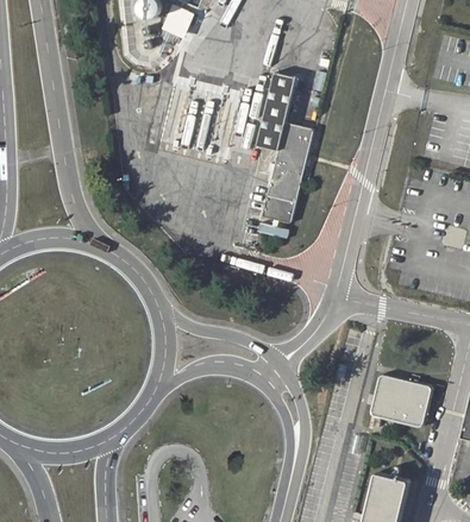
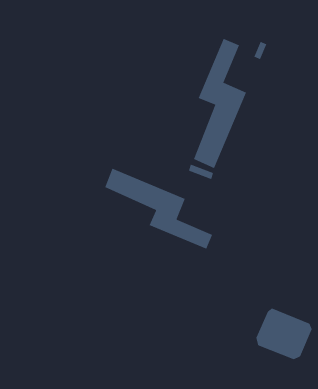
building: none -> [104,168,213,250]

